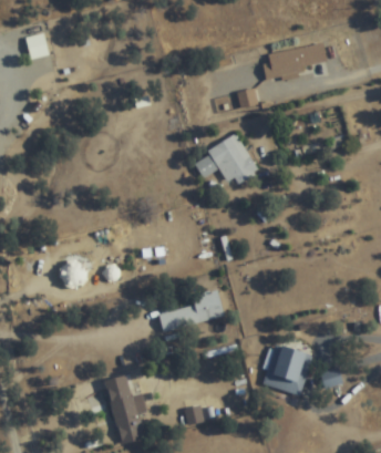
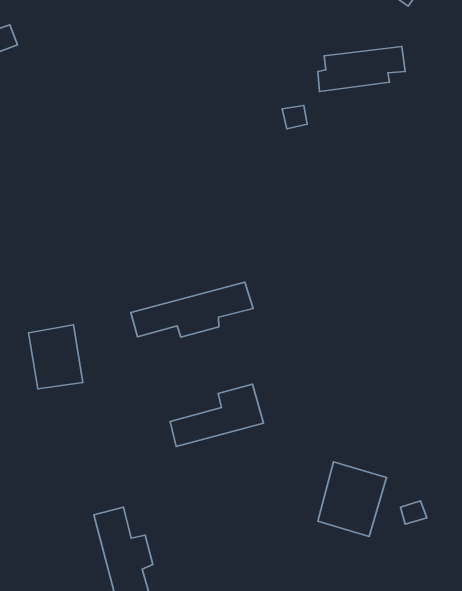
building: [208,132,257,183] -> none
building: none -> [131,282,253,337]

